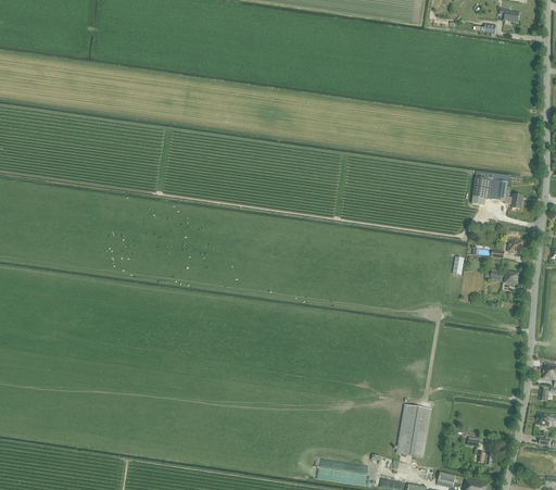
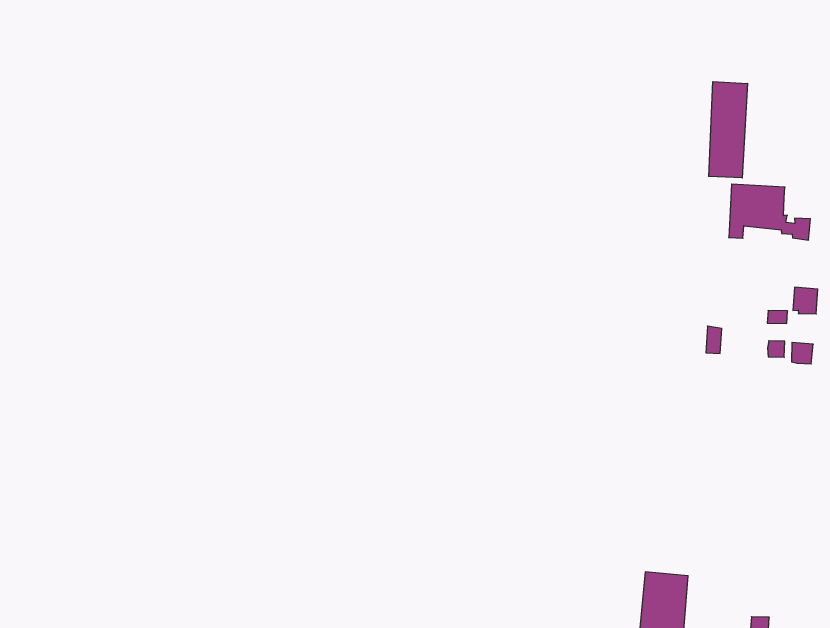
building: none -> [709,82,748,178]

